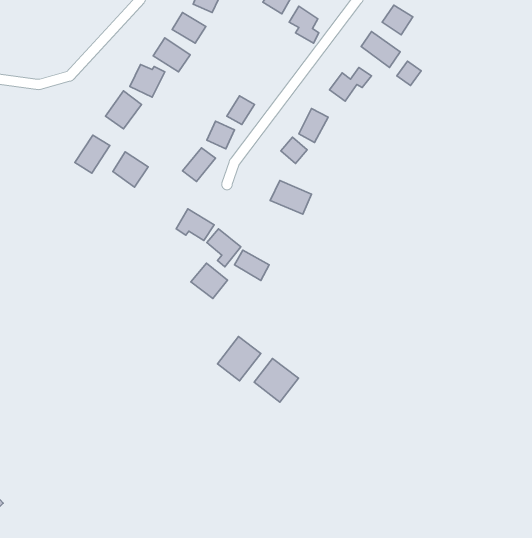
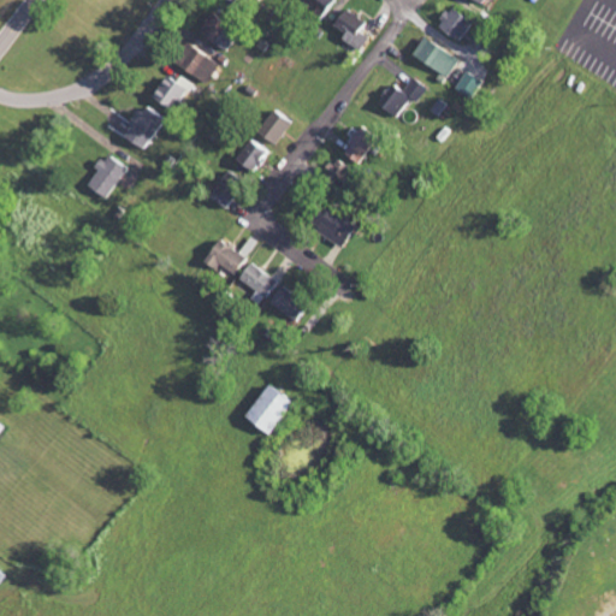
building: [113,152,148,187] -> none
building: [191,263,227,298] -> none
building: [254,358,298,402] -> none

